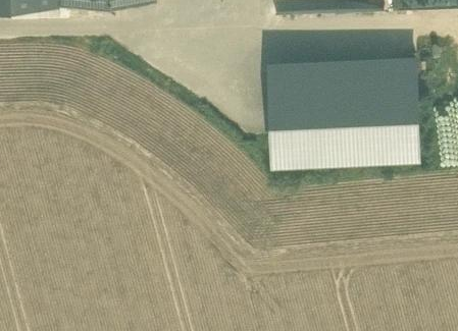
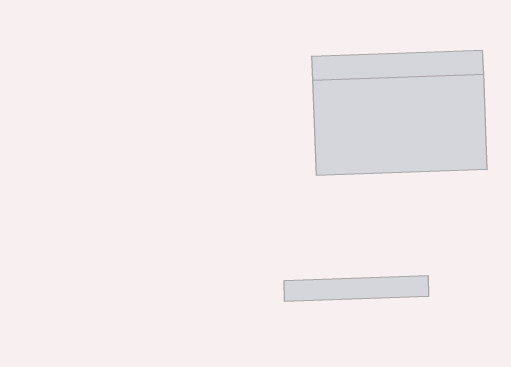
building: none -> [284,276,429,301]

